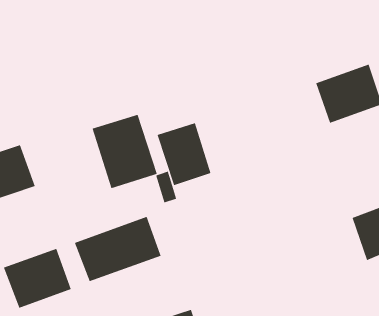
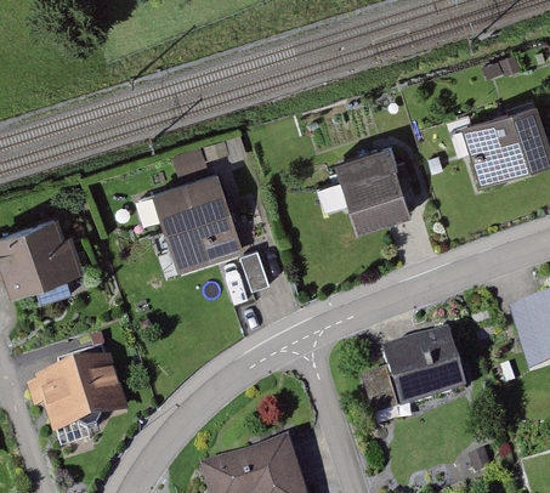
building: [157,122,211,186] -> [333,143,408,231]
building: [74,216,162,282] -> none
building: none -> [379,332,465,413]

